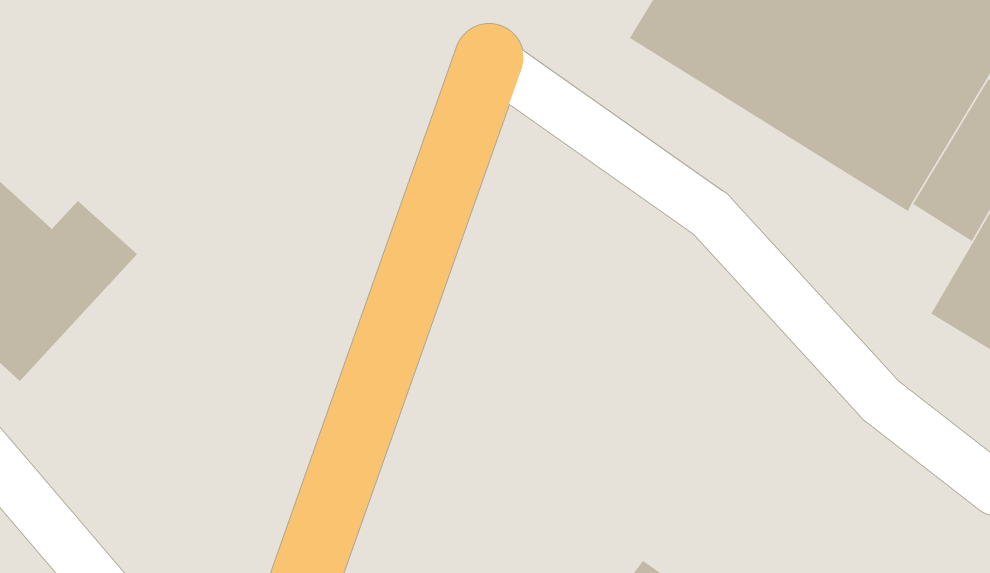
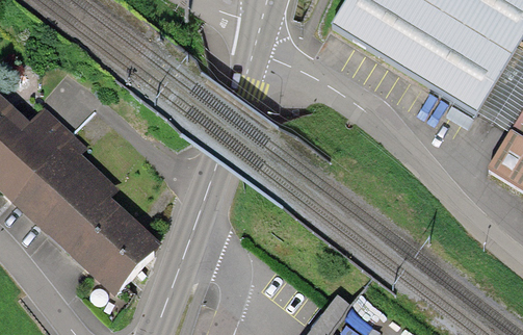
building: none -> [12,136,162,297]

